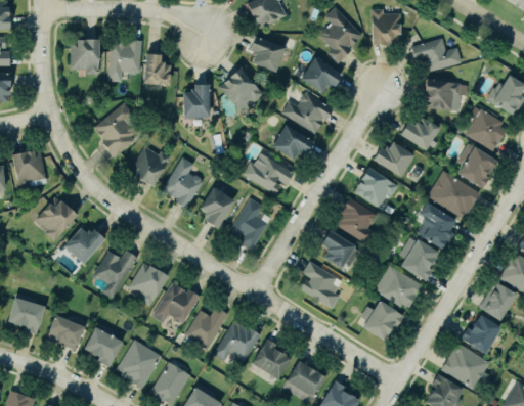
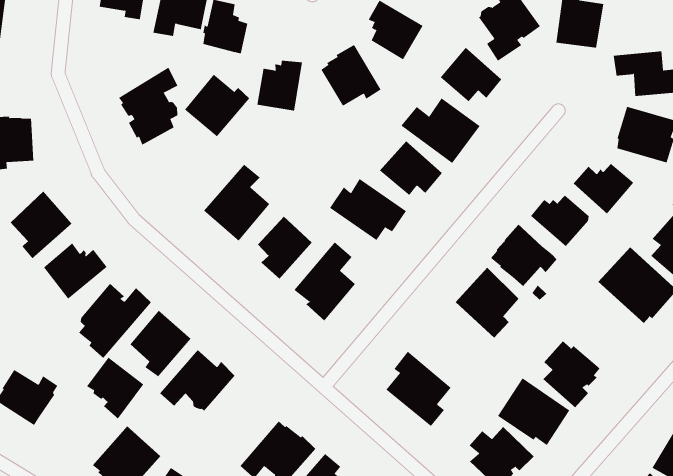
building: [129,145,171,186] -> [184,74,250,137]
building: [417,204,458,249] -> none
building: [320,229,354,267] -> none
building: [185,306,227,348] -> none
building: [83,327,121,367] -> [86,357,144,420]

